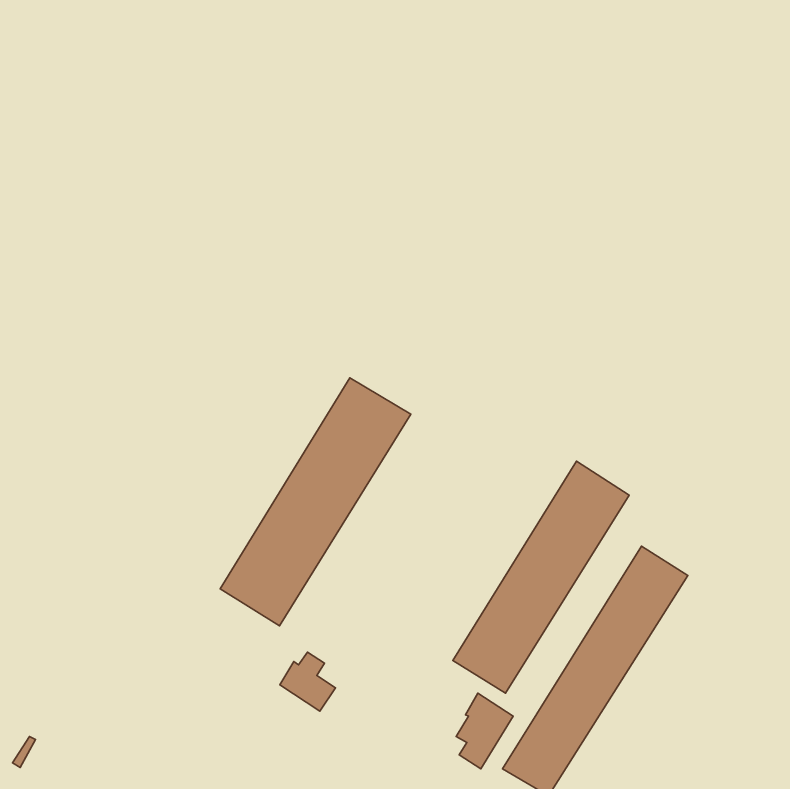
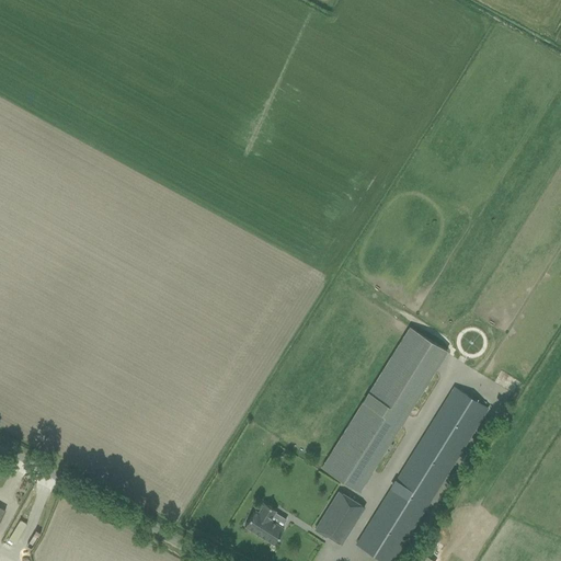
building: [220,378,411,626] -> none
building: [280,652,335,711] -> [244,504,284,546]

